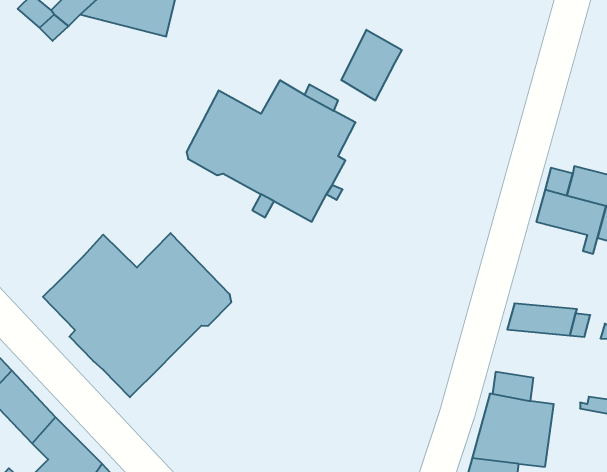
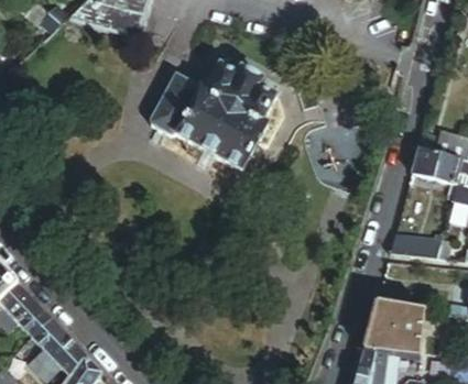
building: [341,30,402,101] -> none
building: [43,233,231,397] -> none

